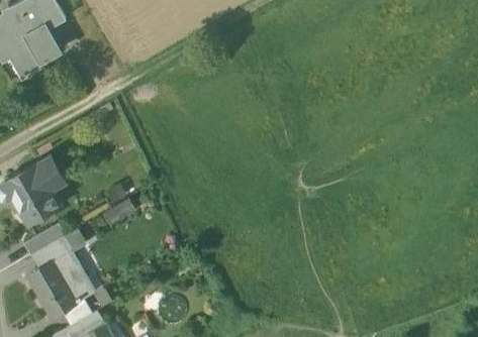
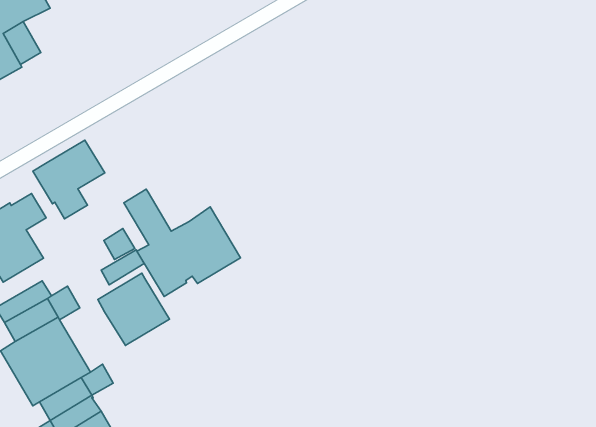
building: none -> [33,140,105,219]
building: none -> [124,189,240,297]
building: none -> [98,273,169,345]

